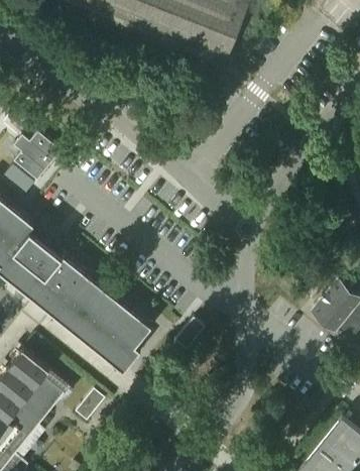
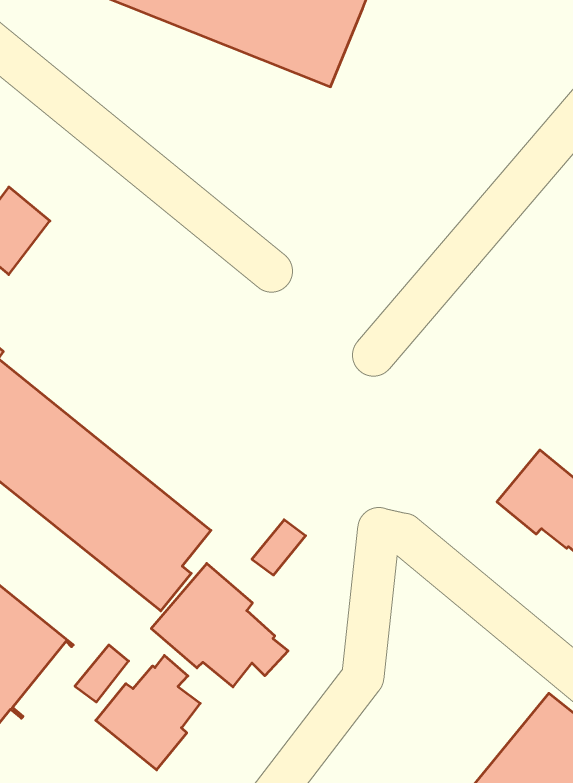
building: none -> [151,563,288,687]
building: none -> [96,655,200,770]

